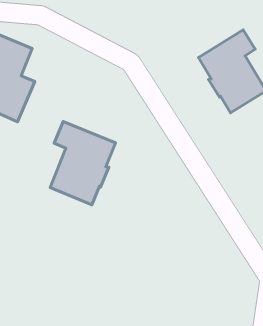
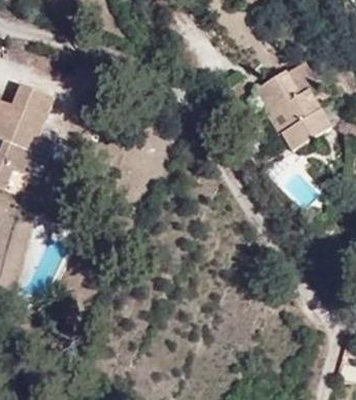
building: [50,121,116,205] -> none

